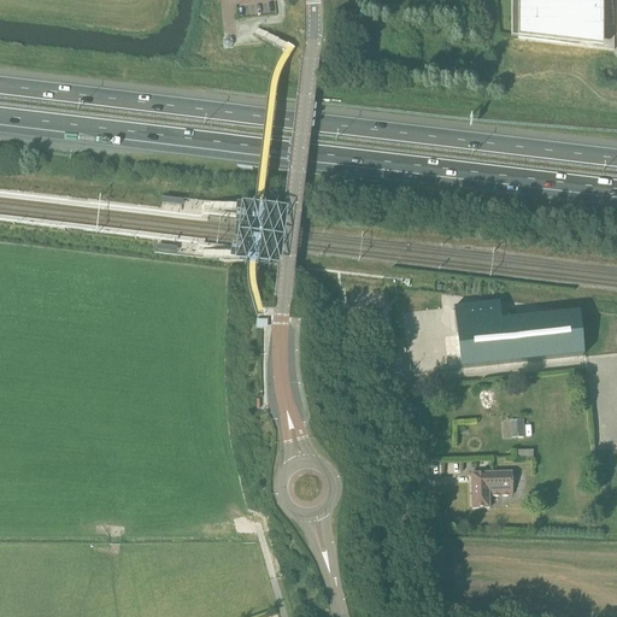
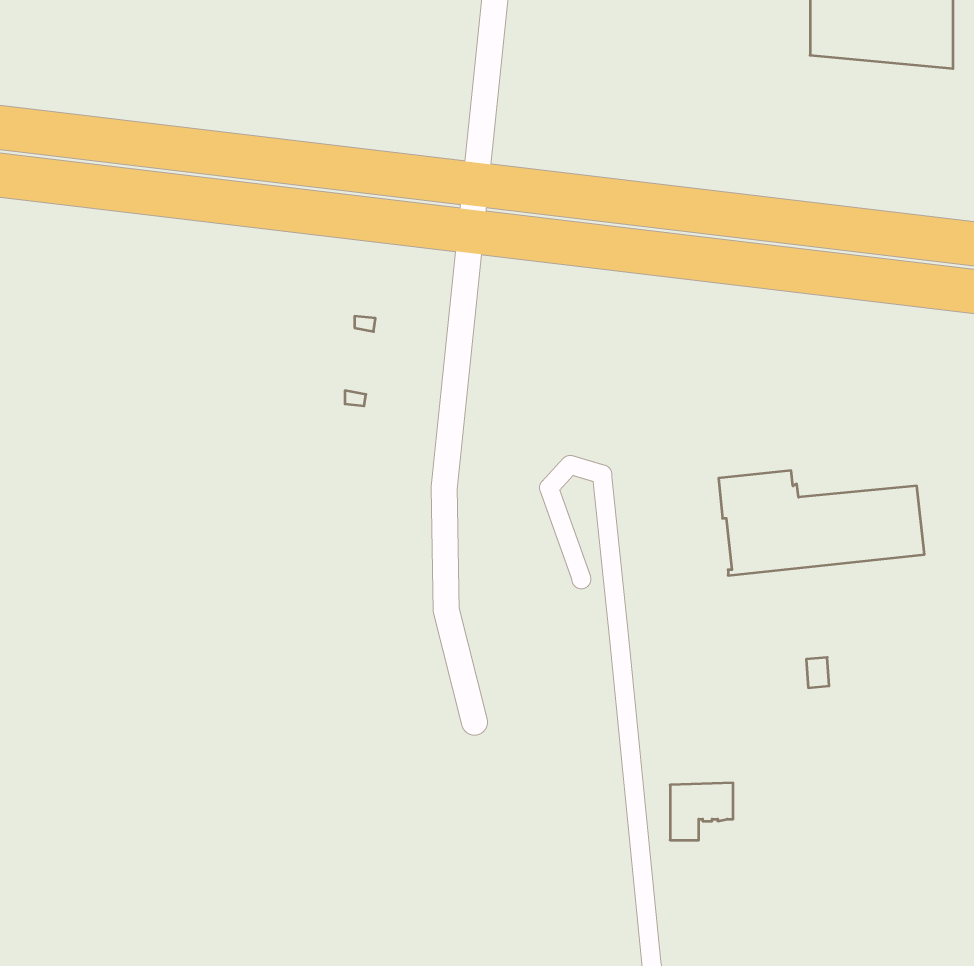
building: [472,469,512,505] -> [670,783,733,840]

